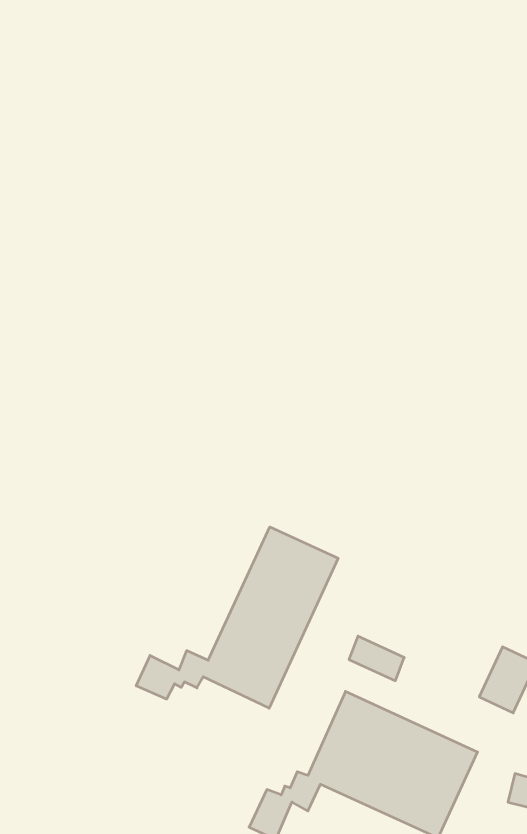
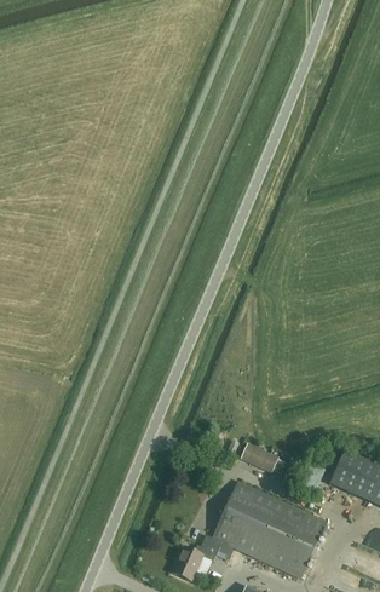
building: [136,527,338,708] -> none

